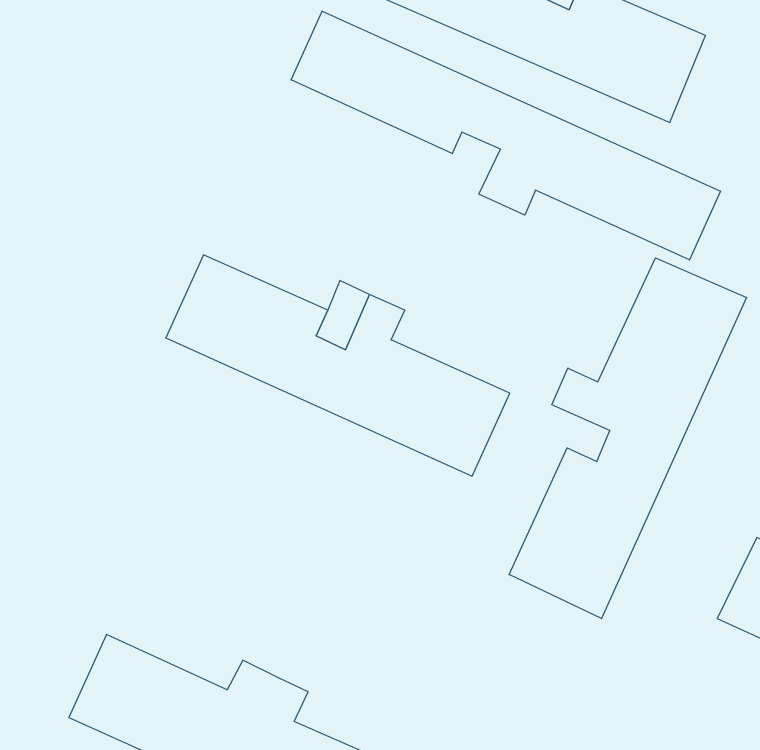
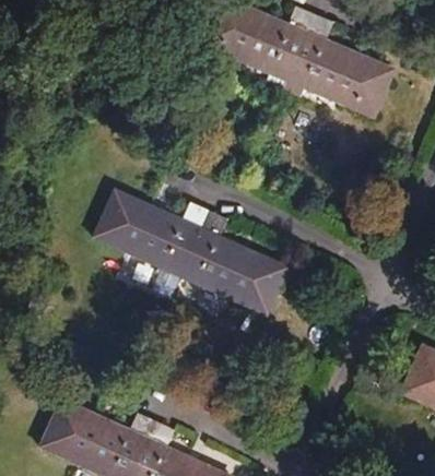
building: [291,11,720,260] -> none
building: [509,258,747,619] -> none

